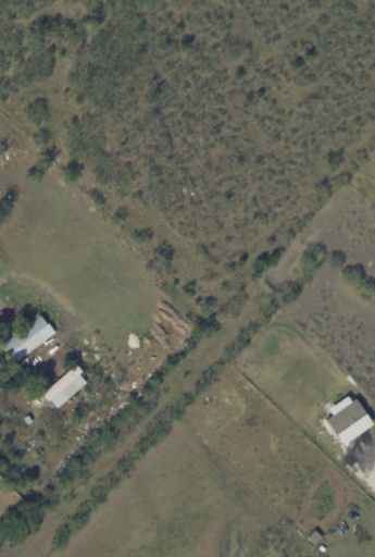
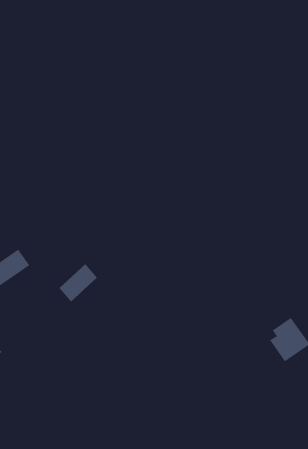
building: [43,364,88,409] -> [58,263,98,303]

